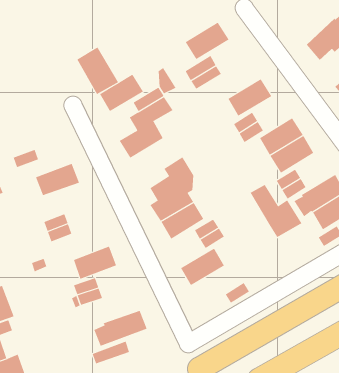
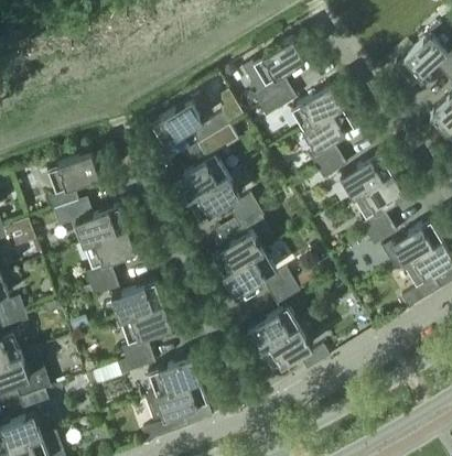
building: [77,47,119,95] -> none
building: none -> [290,85,343,130]
building: none -> [47,153,99,193]
building: none -> [187,176,240,221]
building: none -> [53,199,93,228]
building: none -> [84,229,136,268]
building: [250,184,302,238] -> none
building: none -> [111,282,163,321]
building: none -> [259,327,312,372]
building: none -> [148,357,200,395]

